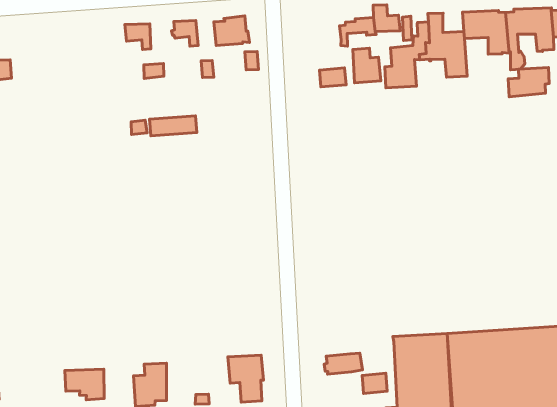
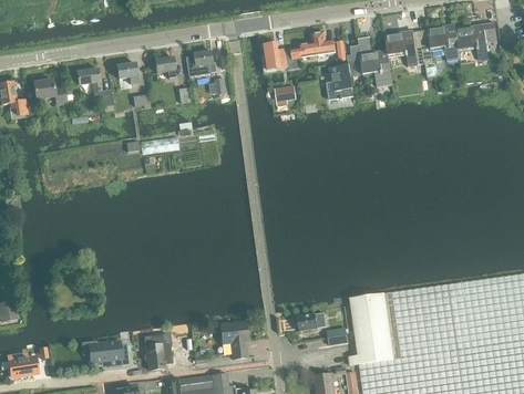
building: none -> [76,68,113,111]
building: none -> [33,79,68,105]
building: [353,48,381,83] -> [264,41,288,70]
building: [508,68,549,97] -> none

